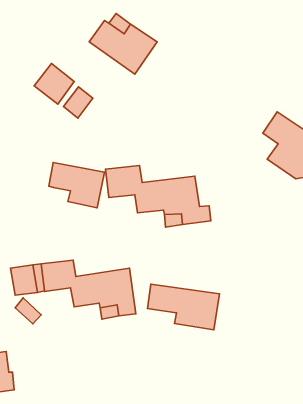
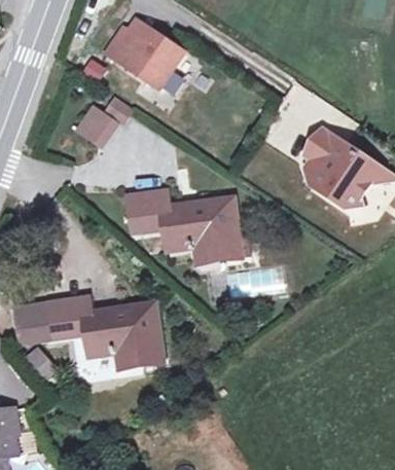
building: [34,64,74,104] -> none
building: [49,162,104,208] -> none
building: [147,284,219,330] -> none

